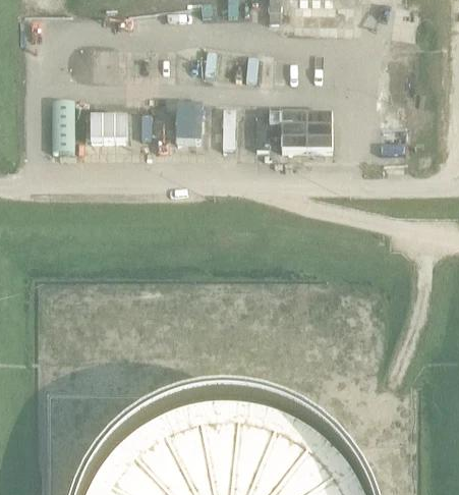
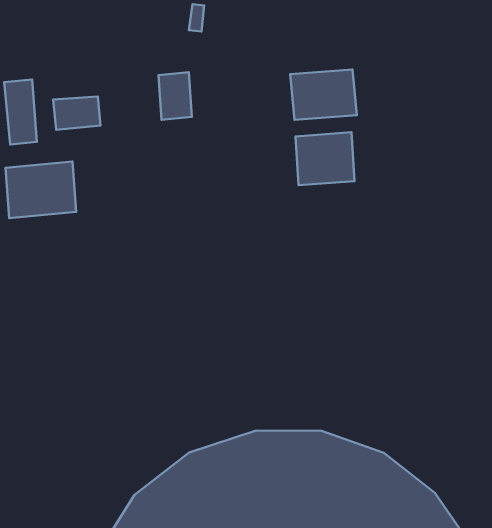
building: none -> [296,132,354,185]
building: none -> [5,162,76,218]

